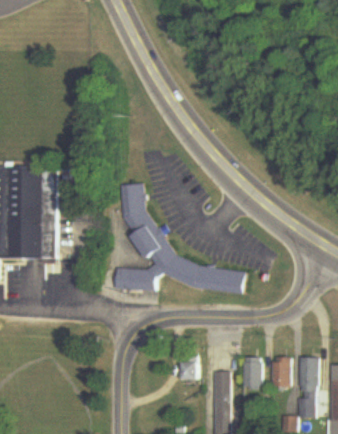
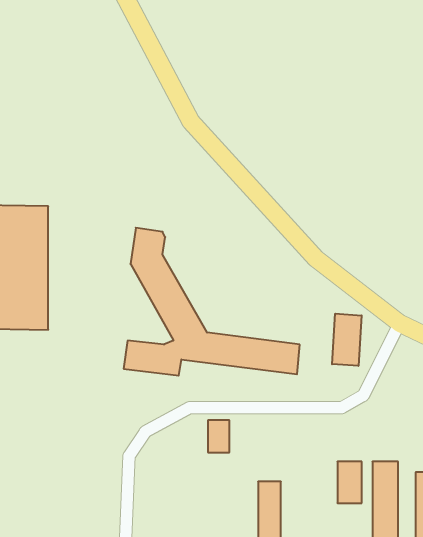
building: none -> [332,314,362,366]
building: [181,357,197,381] -> [208,420,229,452]
building: [243,358,262,389] -> none

